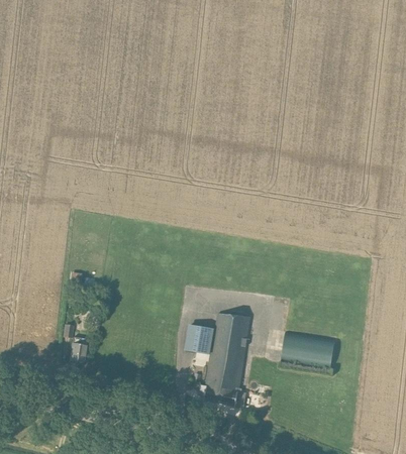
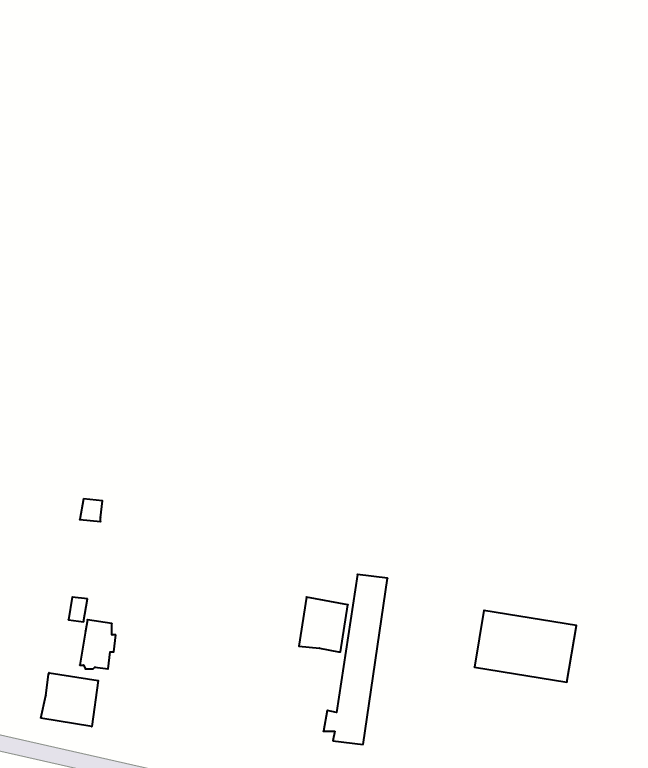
building: [220,314,249,407] -> none
building: none -> [41,673,98,727]

